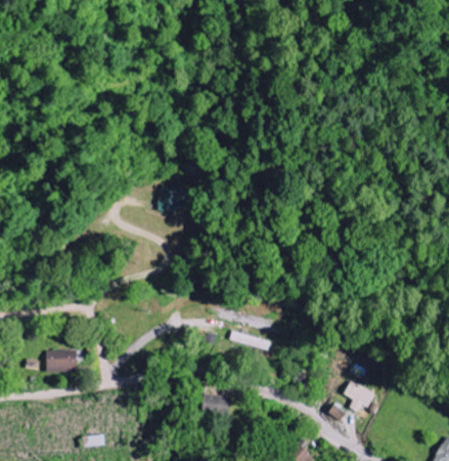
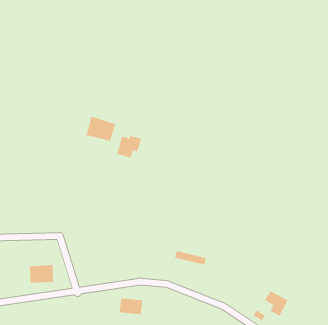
building: none -> [86,116,116,142]
building: [200,393,231,415] -> [119,298,143,315]

